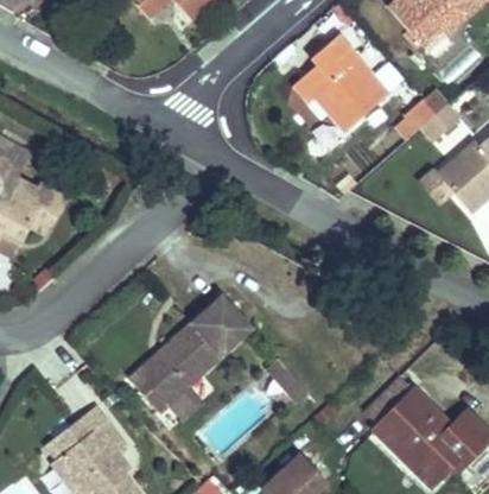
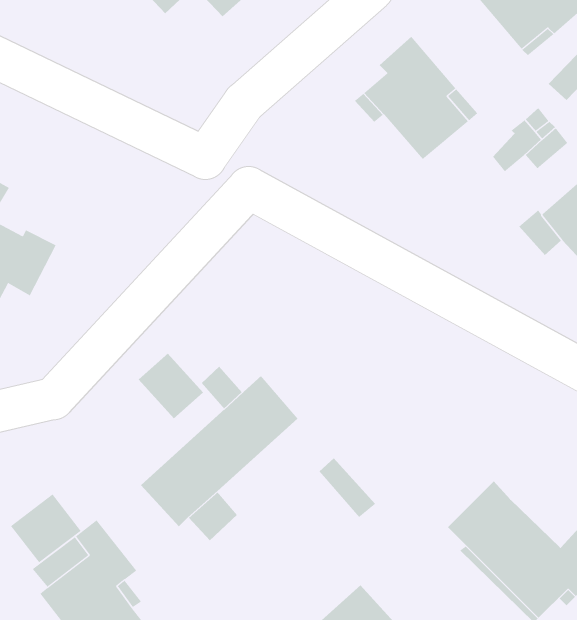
building: none -> [138,353,204,419]
building: none -> [10,493,82,563]

